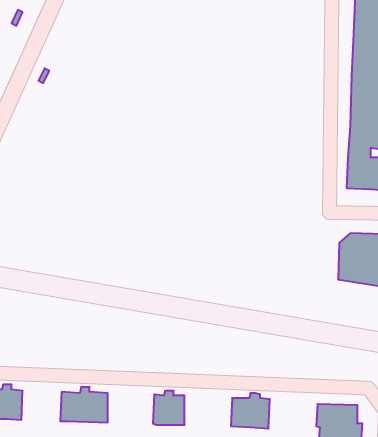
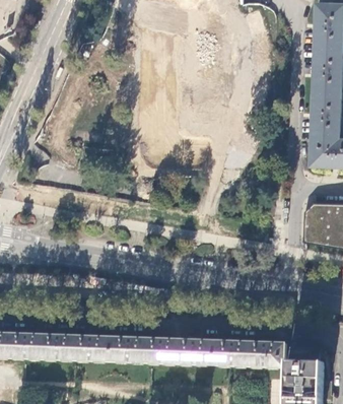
building: none -> [39,330,72,359]
building: none -> [111,333,149,361]
building: none -> [175,335,214,363]
building: none -> [245,337,285,366]

